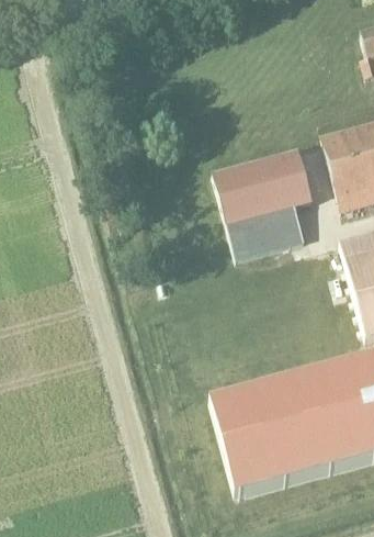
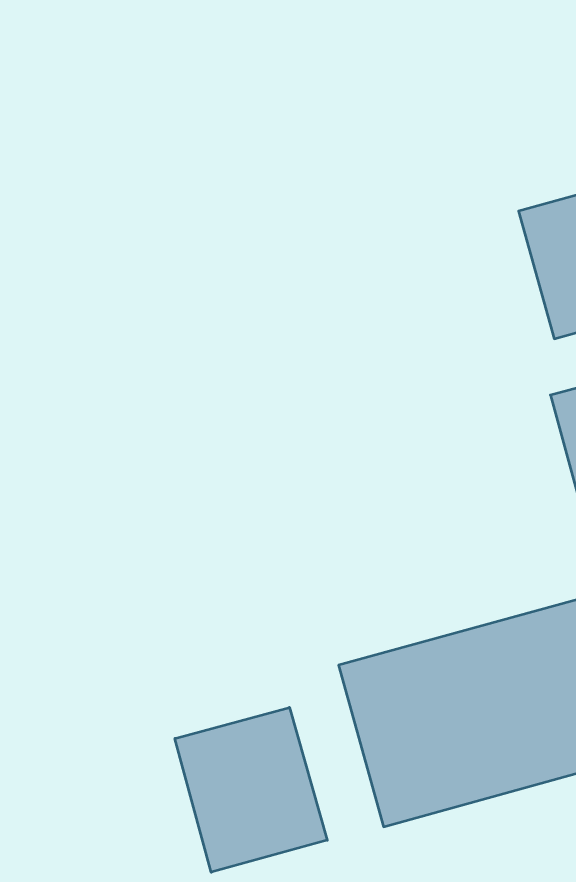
building: [214,148,315,259] -> none
building: none -> [175,707,327,872]

